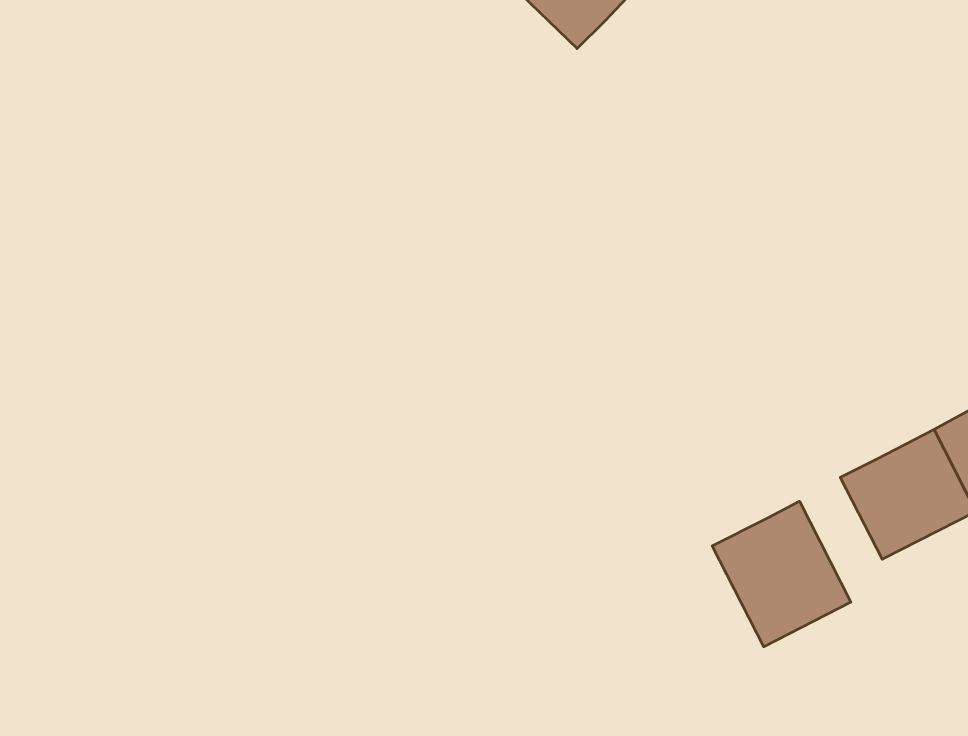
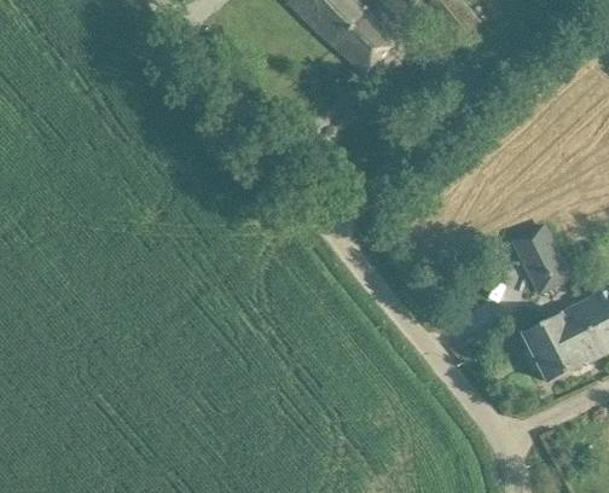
building: none -> [511,224,568,291]
building: [712,501,851,647] -> none

